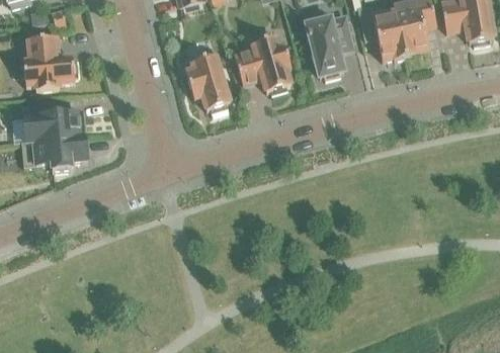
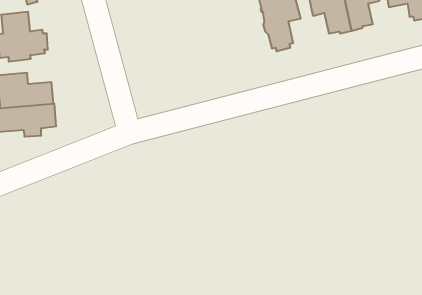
building: [235,37,290,94] -> none
building: [185,50,230,112] -> none

